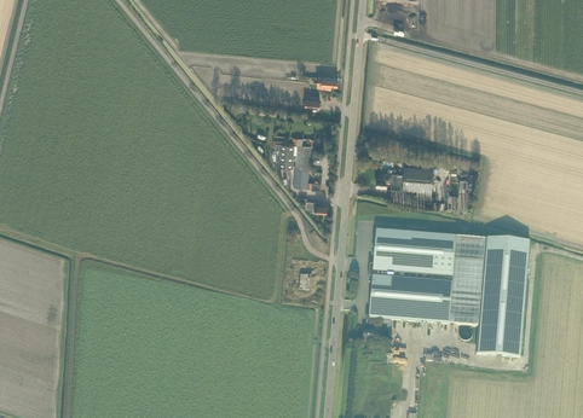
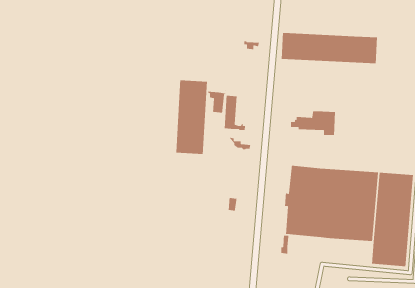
building: none -> [281,32,378,64]
building: none -> [175,79,208,155]

